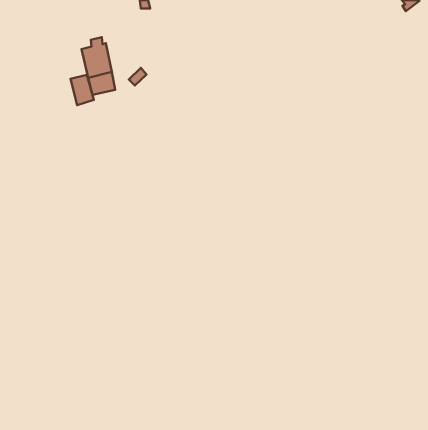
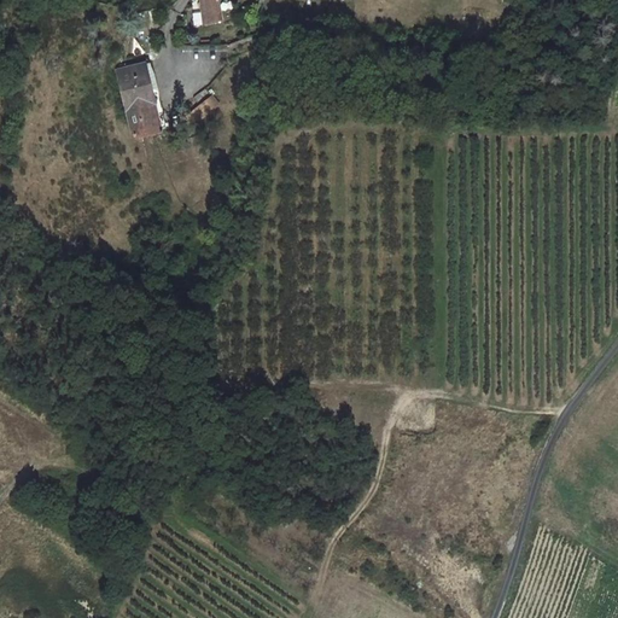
building: [70,75,94,105] -> none

